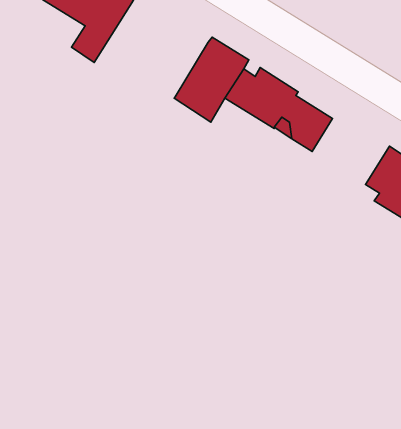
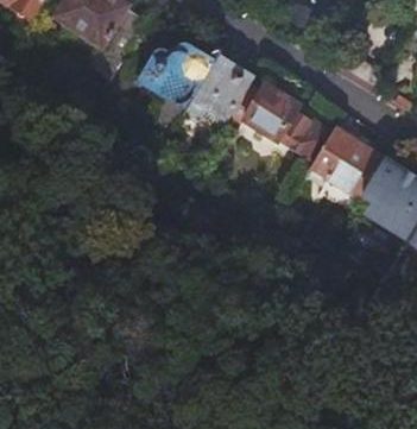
building: none -> [133,40,214,109]
building: none -> [308,126,384,197]

